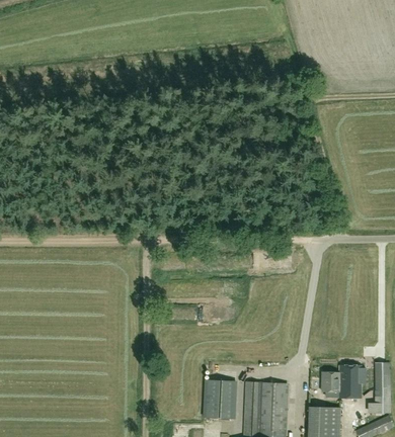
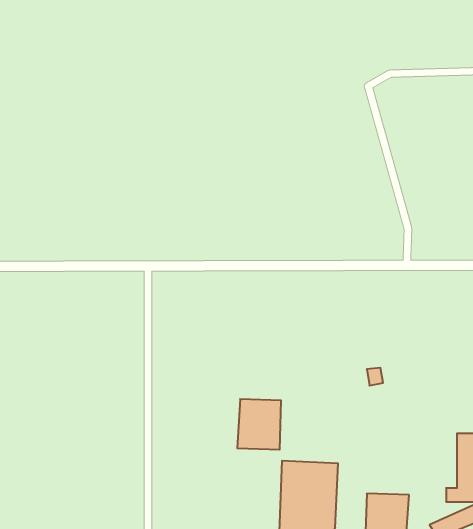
building: [321,364,361,398] -> none
building: [203,379,235,417] -> [237,399,281,450]

